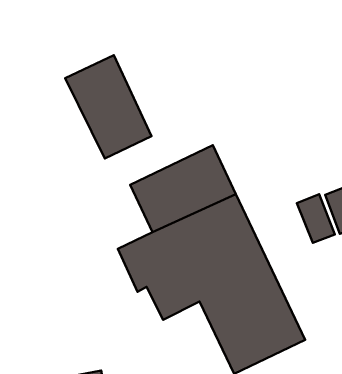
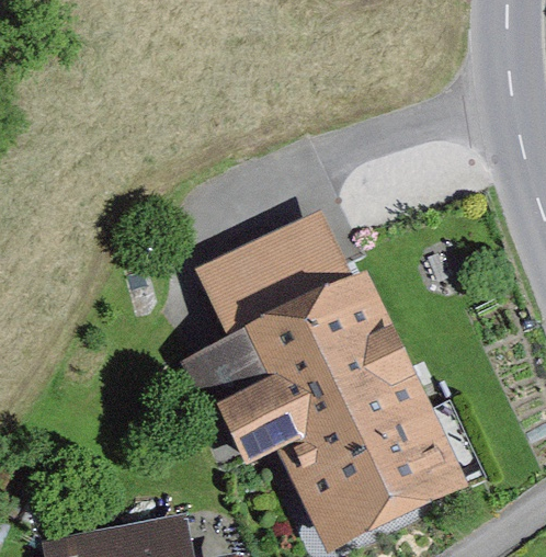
building: [65,55,152,158] -> none

